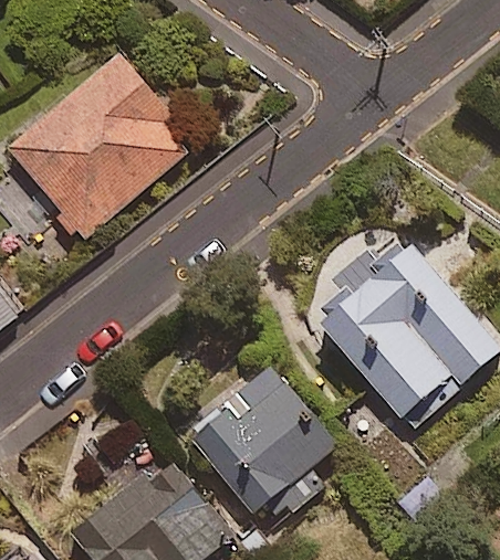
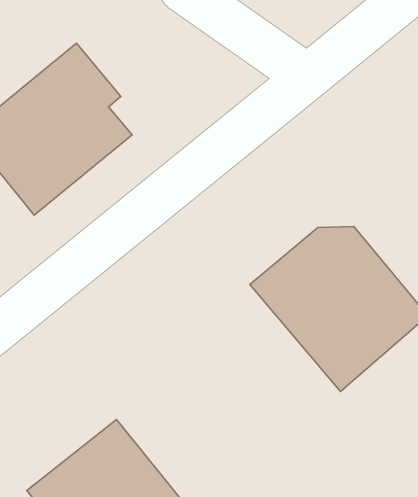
building: [190,372,344,513] -> none

